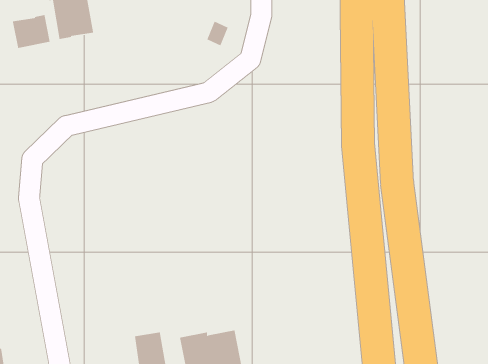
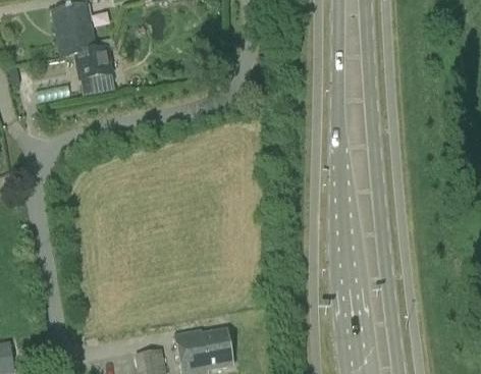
building: [12,15,51,48] -> [74,50,110,82]

